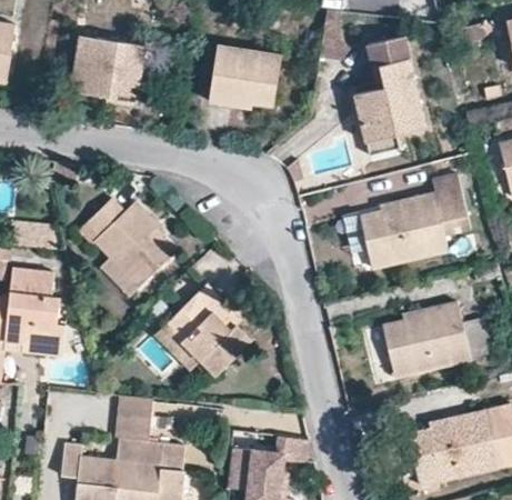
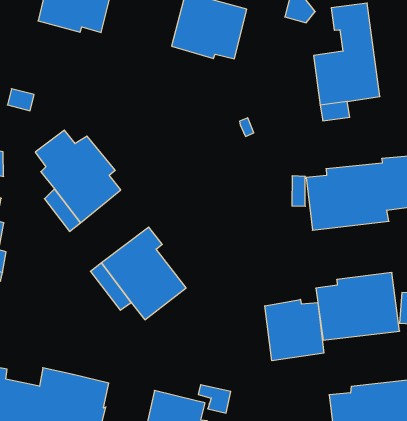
building: none -> [265,299,324,361]
building: [117,394,152,441] -> none

